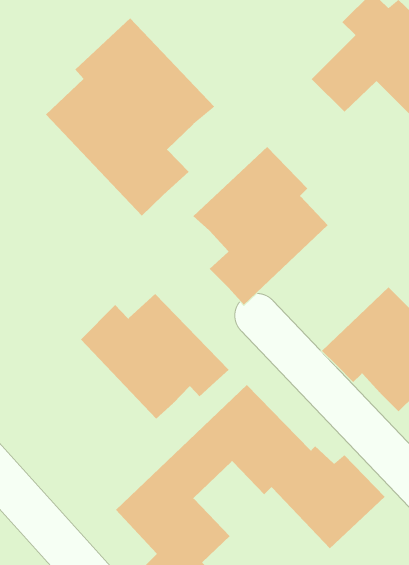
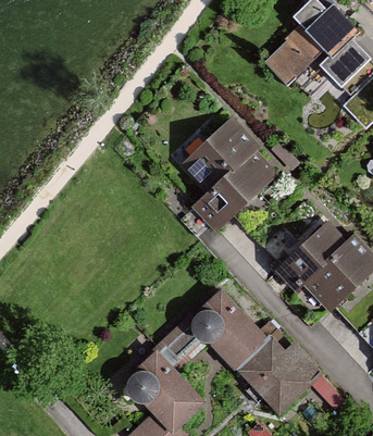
building: [45,18,215,217] -> none
building: [80,293,229,420] -> none

